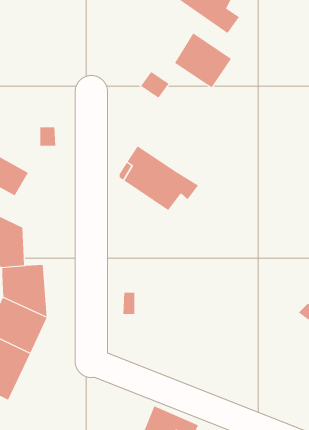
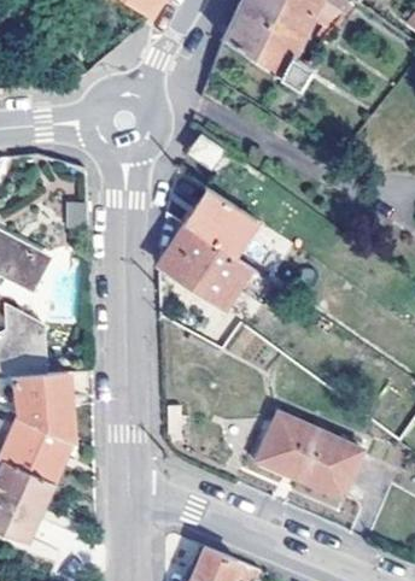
building: [174,33,232,88] -> [185,188,256,257]
building: none -> [257,412,363,495]

